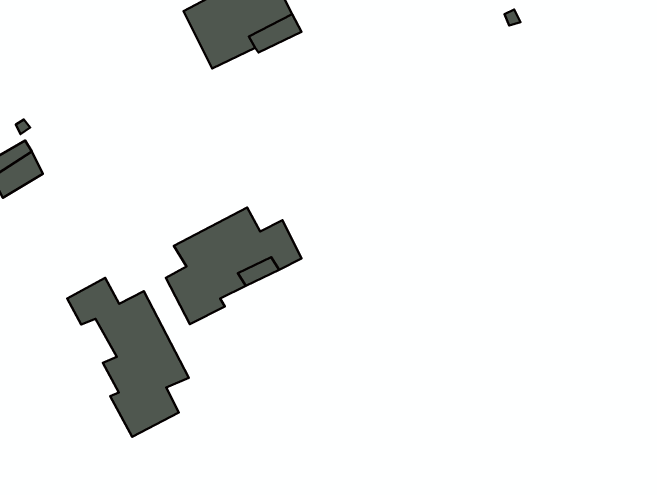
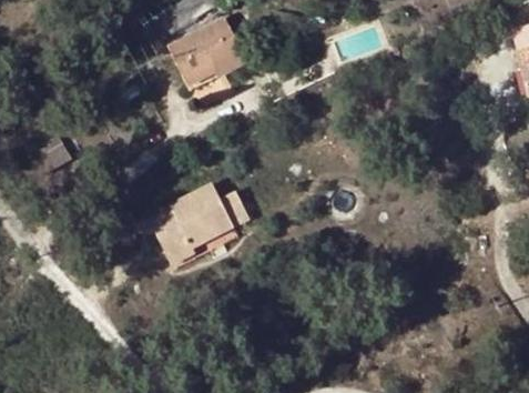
building: [67,278,189,437] -> none

